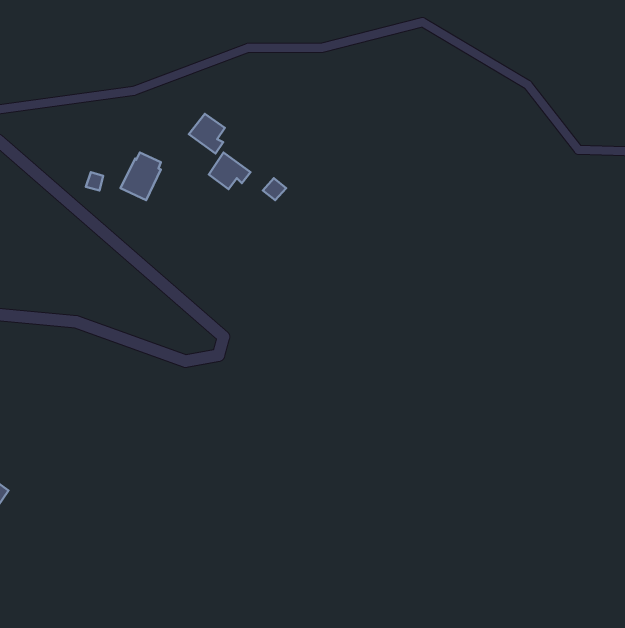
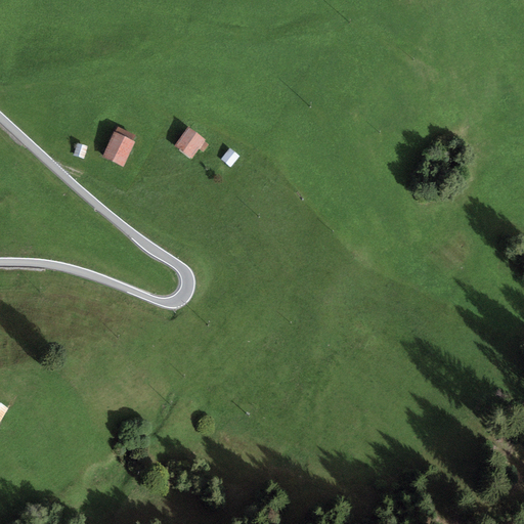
building: [189,114,225,154] -> none

